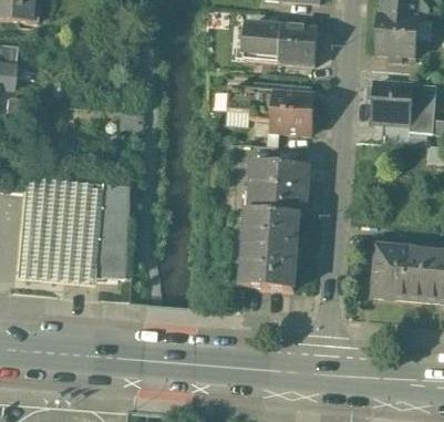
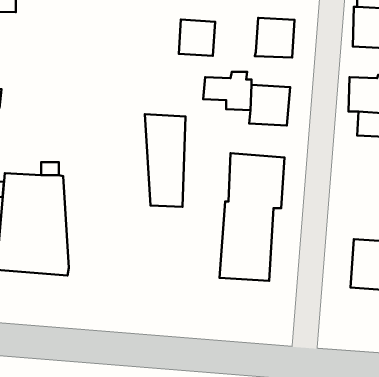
building: [245,22,281,59] -> [179,20,215,56]
building: [85,184,126,277] -> [145,114,186,207]

